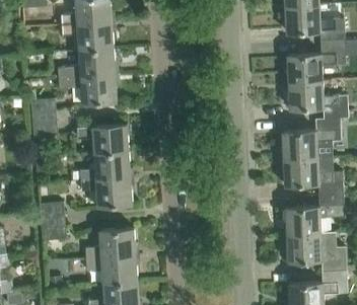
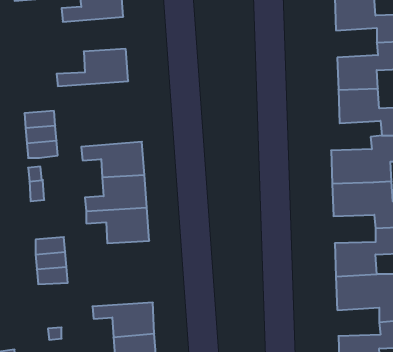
building: [62,21,114,50] -> none
building: [58,74,118,103] -> none
building: [85,229,136,258] -> none

